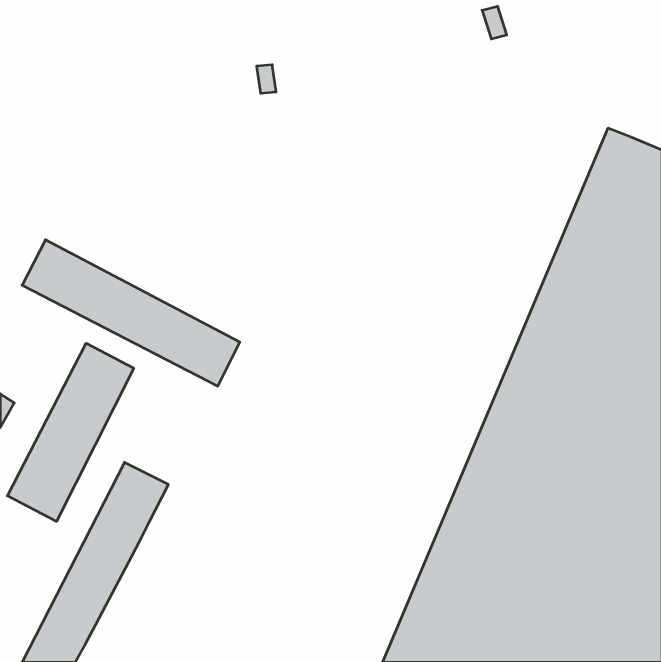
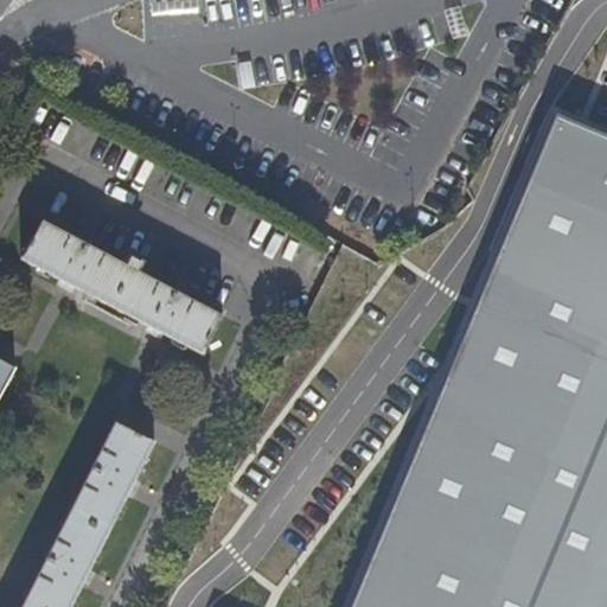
building: [7,343,134,521] -> none

